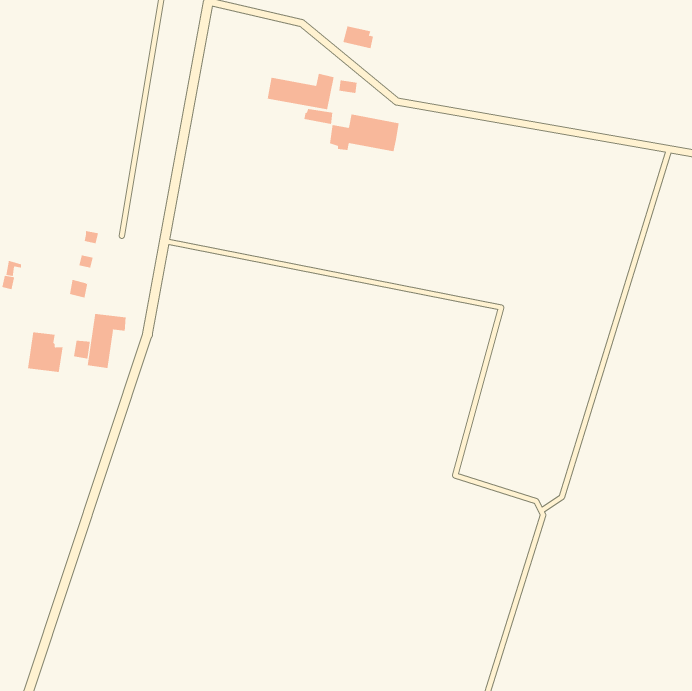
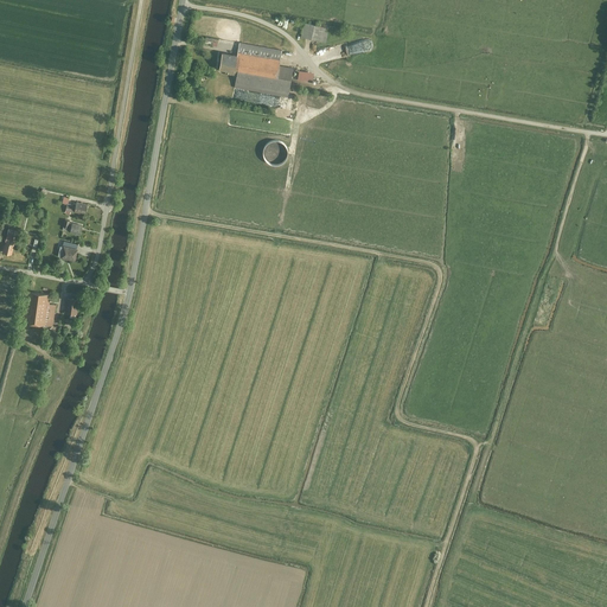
building: [329,114,399,152] -> [219,43,281,76]
building: [87,313,126,369] -> none

